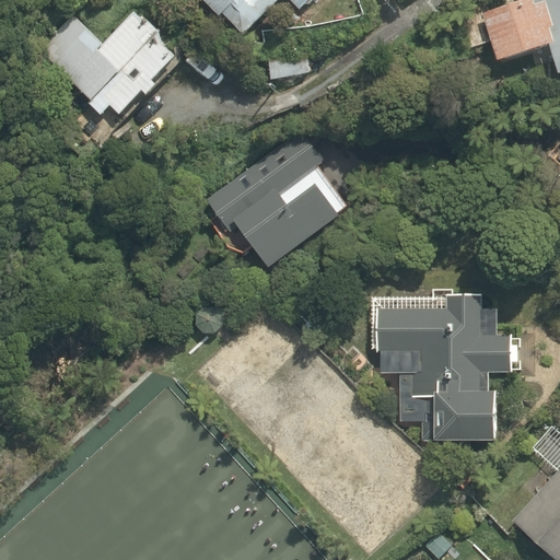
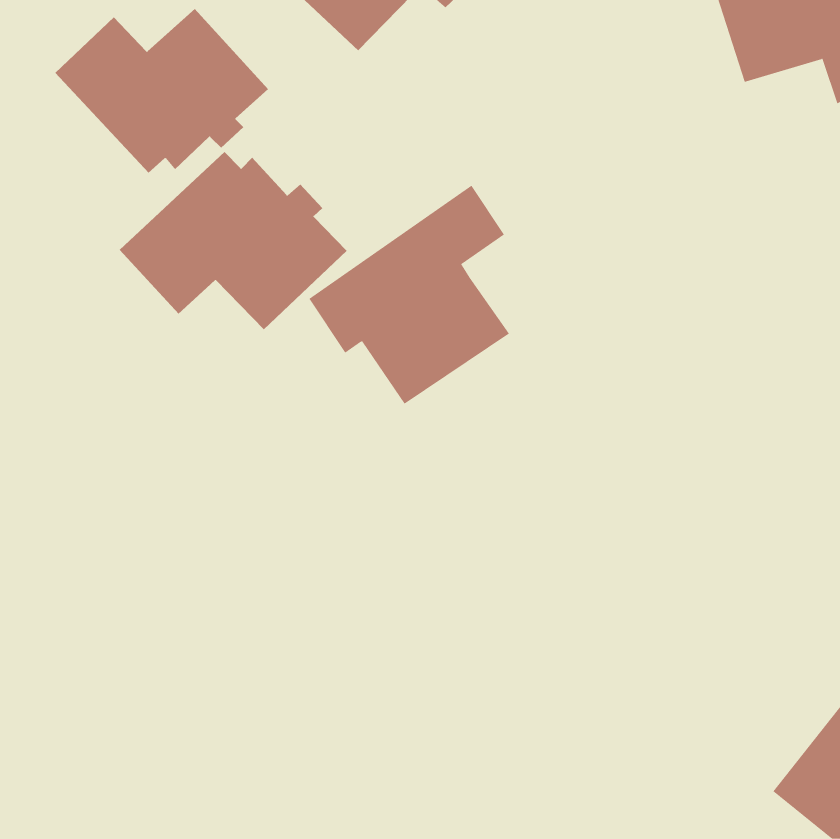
building: none -> [119,151,347,330]
building: [373,294,518,440] -> none

